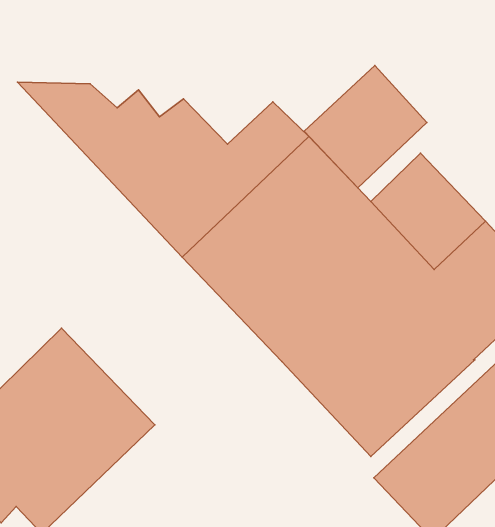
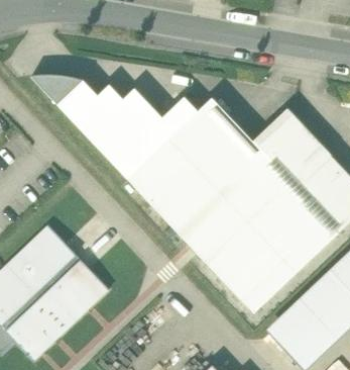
building: [304,66,427,188] -> none

